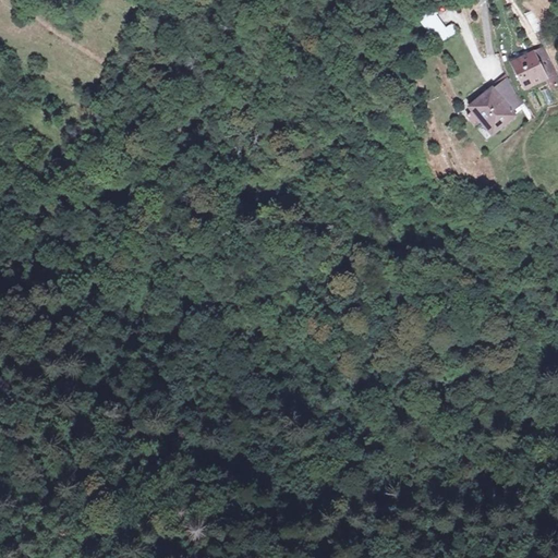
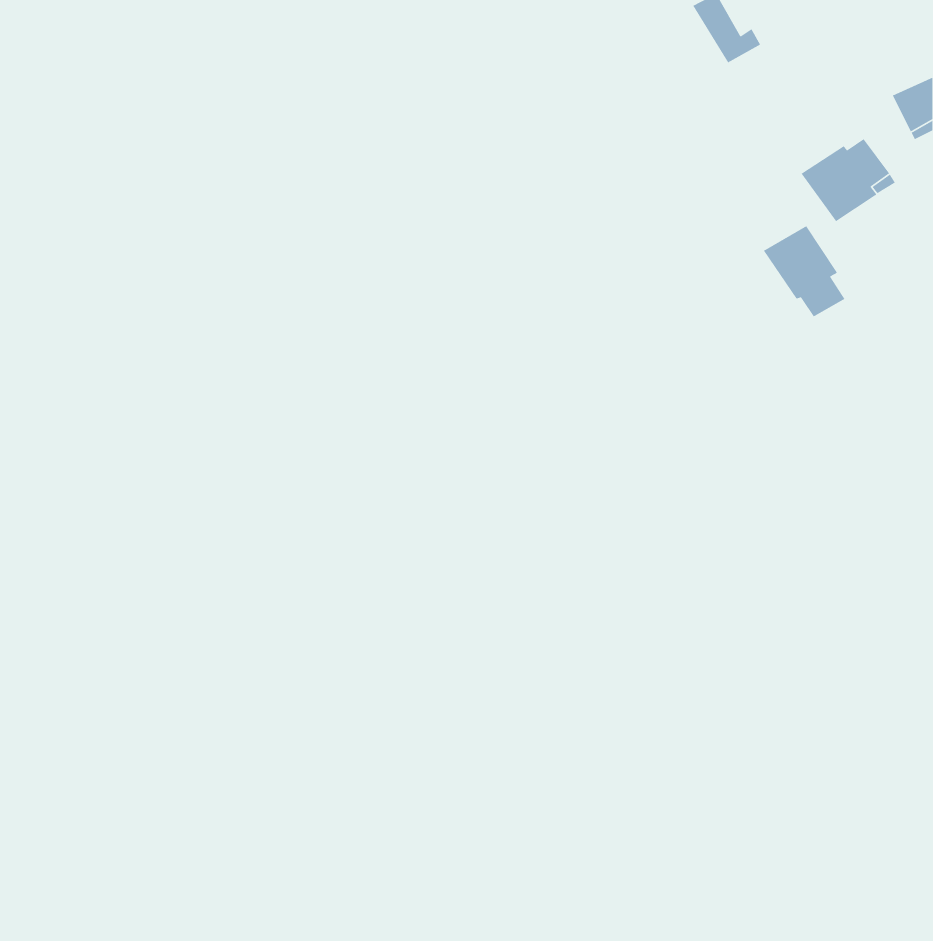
building: none -> [763,225,845,318]

